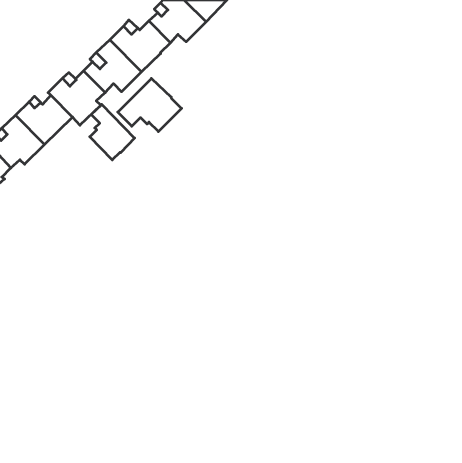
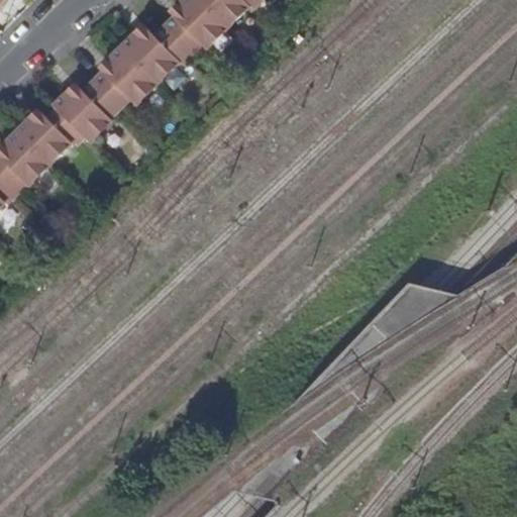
building: [118,78,182,132] -> none
building: [90,104,135,160] -> none

